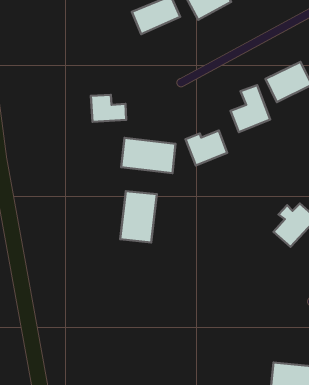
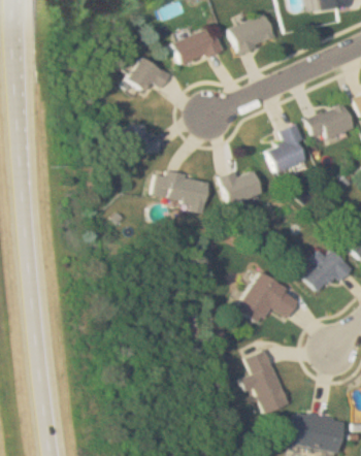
building: none -> [125,57,170,94]
building: [120,191,157,242] -> none
building: none -> [237,273,300,324]
building: none -> [241,350,289,414]

